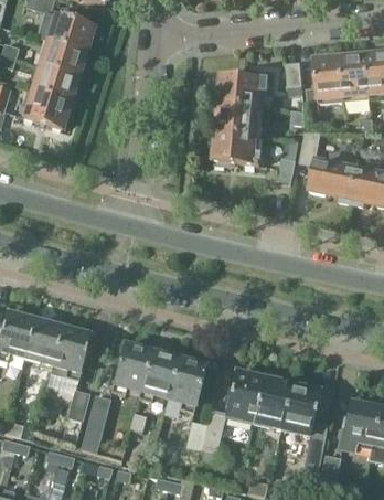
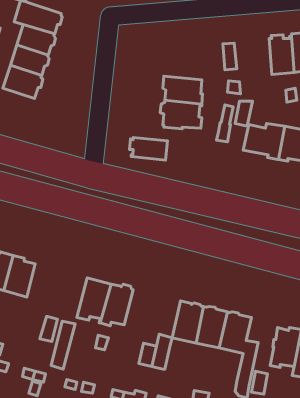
building: [306,55,344,103] -> none
building: [215,71,268,107] -> none
building: none -> [130,137,167,160]
building: [50,326,90,381] -> none
building: [168,358,205,412] -> none

